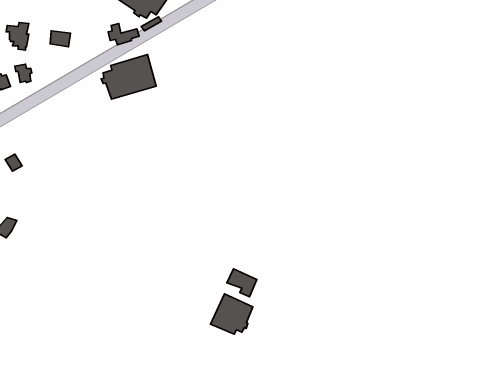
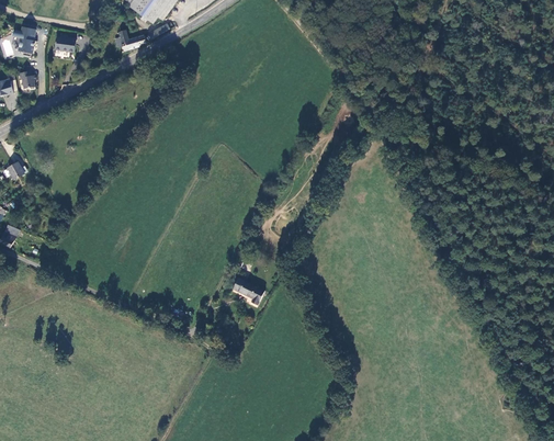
building: [101,54,156,99] -> none
building: [210,294,253,334] -> none

